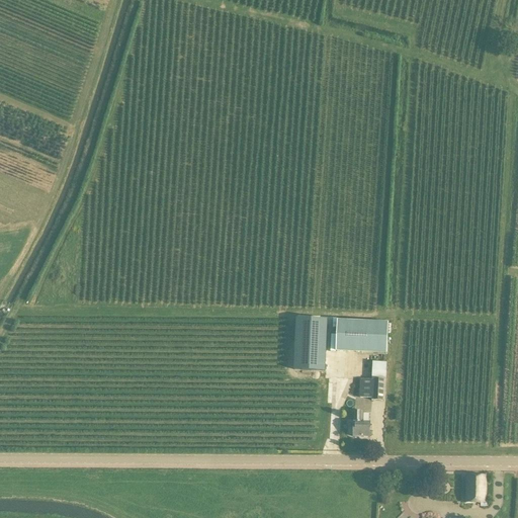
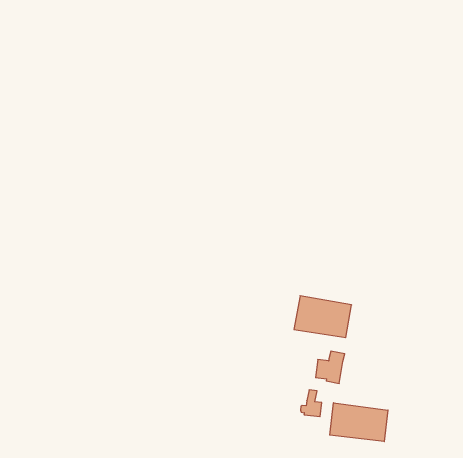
building: [294,317,328,368] -> none
building: none -> [330,403,388,442]

